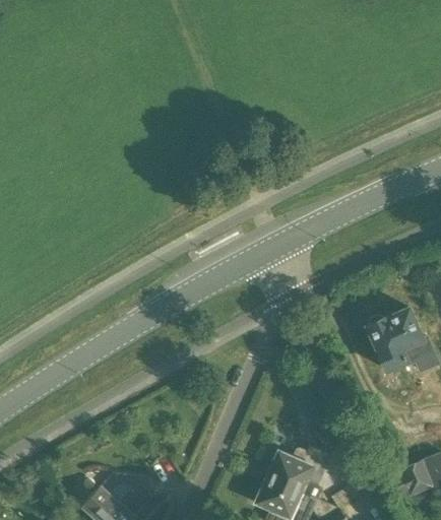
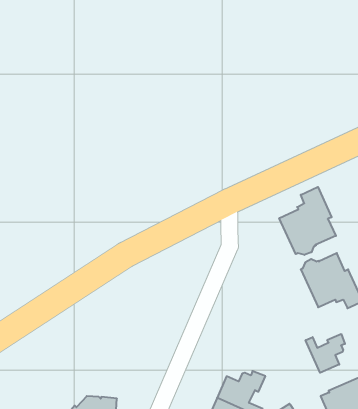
building: none -> [279,187,336,255]
building: none -> [306,334,345,373]

